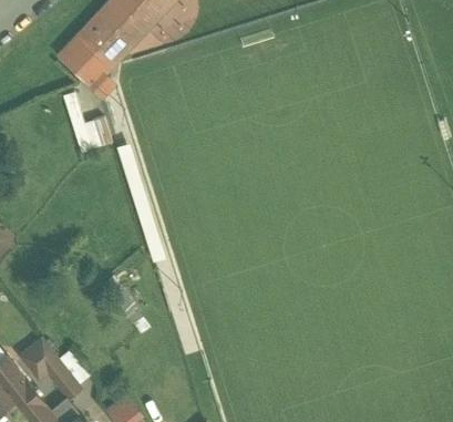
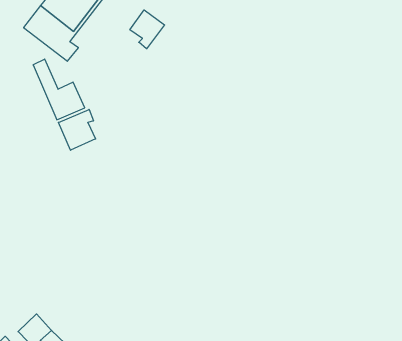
building: none -> [130,10,165,49]
building: none -> [58,109,96,150]

